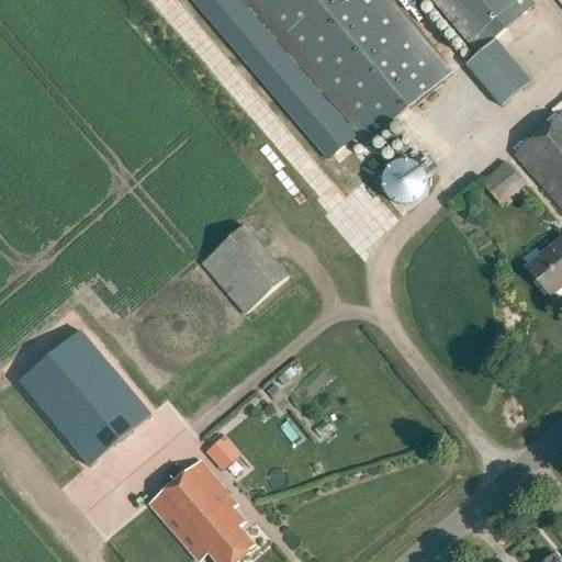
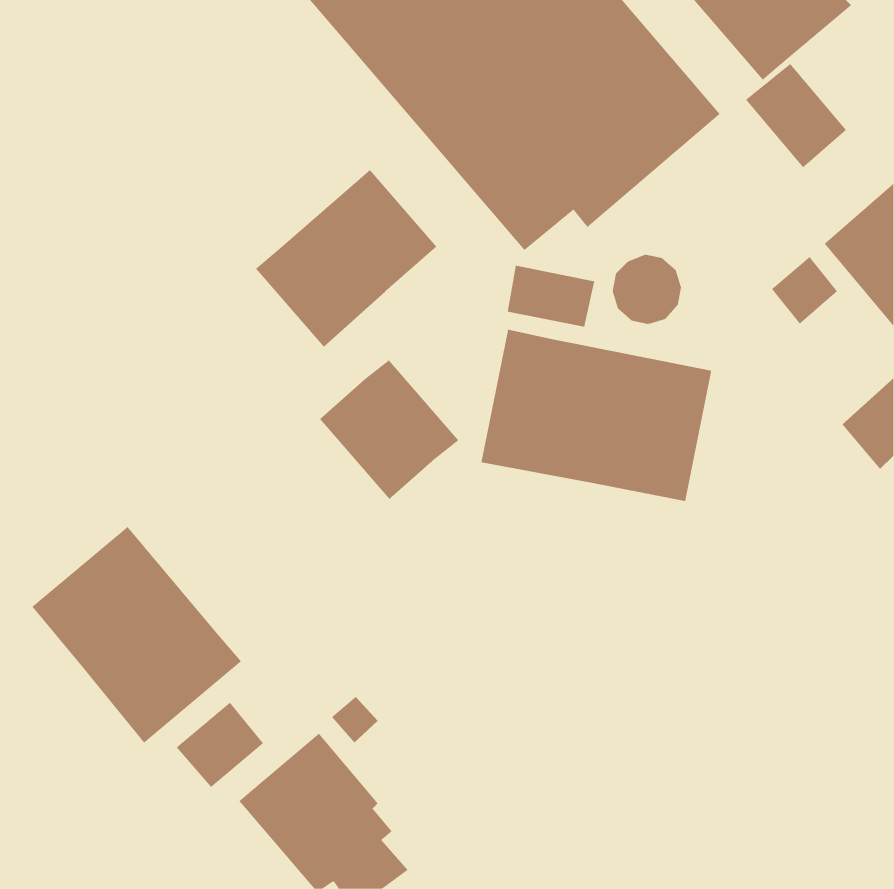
building: none -> [255,169,437,348]
building: none -> [507,265,595,327]
building: none -> [481,329,712,502]
building: none -> [176,702,264,788]

